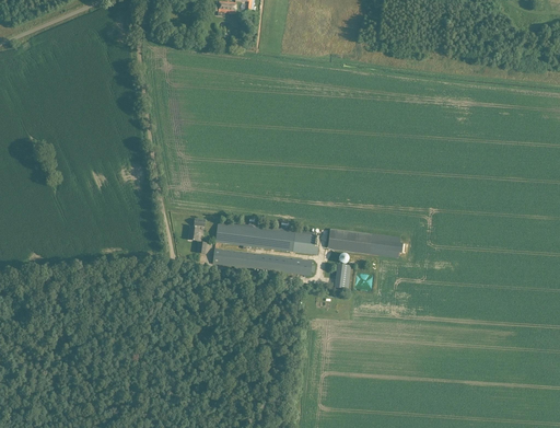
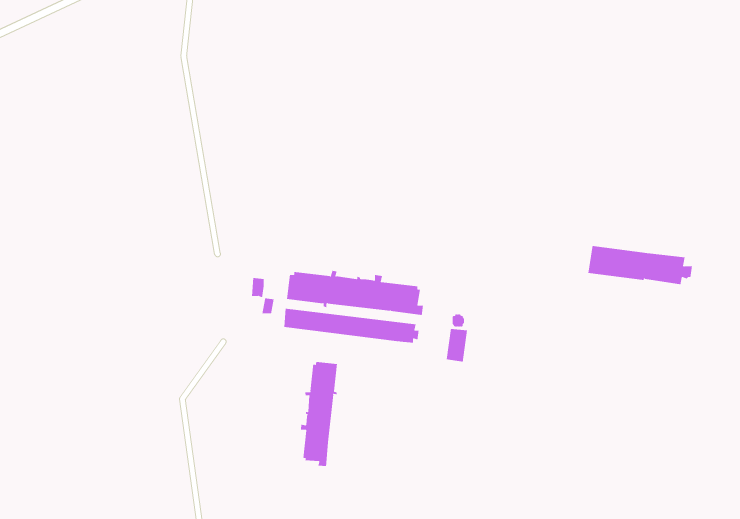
building: [326,228,405,257] -> [587,245,693,285]
building: none -> [301,361,337,467]

